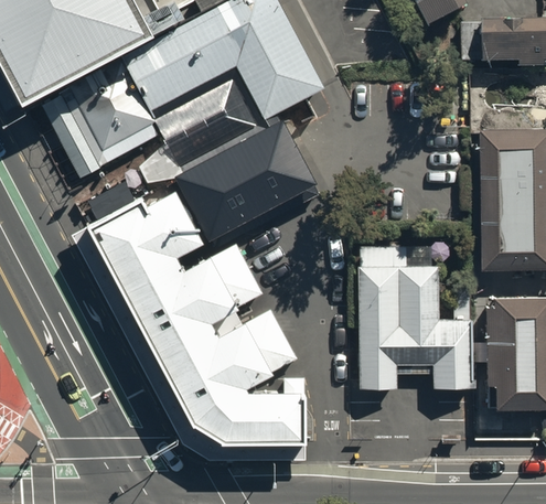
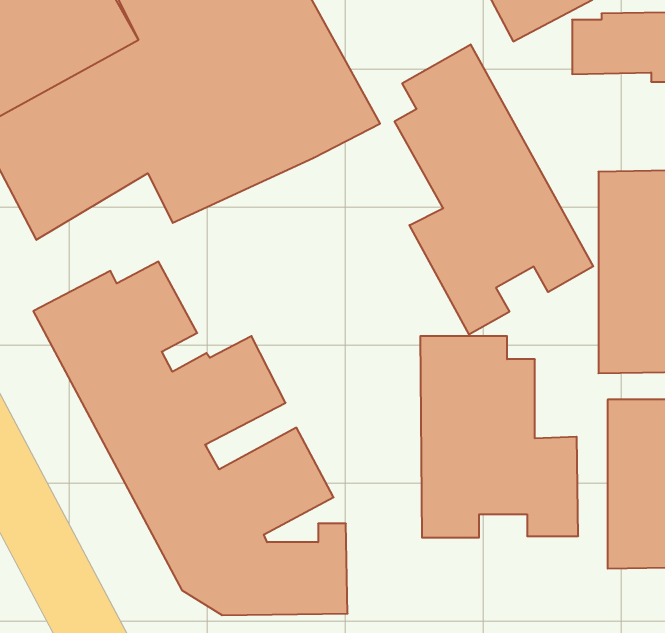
building: none -> [395,44,593,335]
building: [175,119,314,235] -> none

